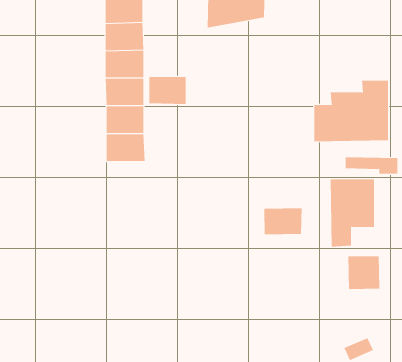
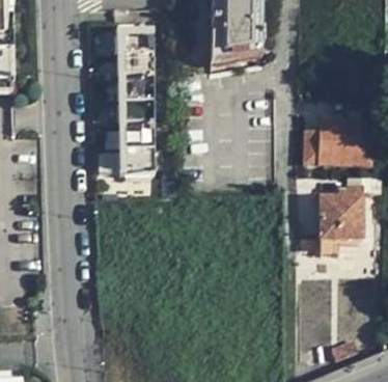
building: [149,76,186,105] -> none
building: [264,207,302,235] -> none
building: [348,255,380,290] -> none

